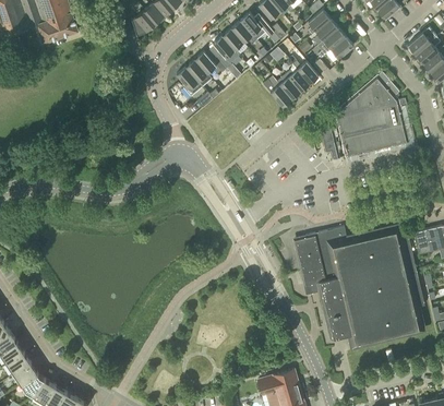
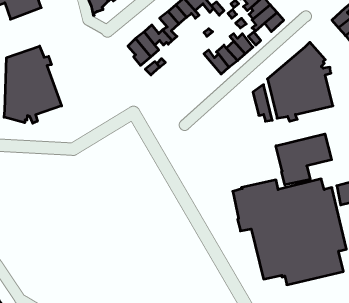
building: none -> [4,46,62,123]
building: none -> [276,134,332,185]

